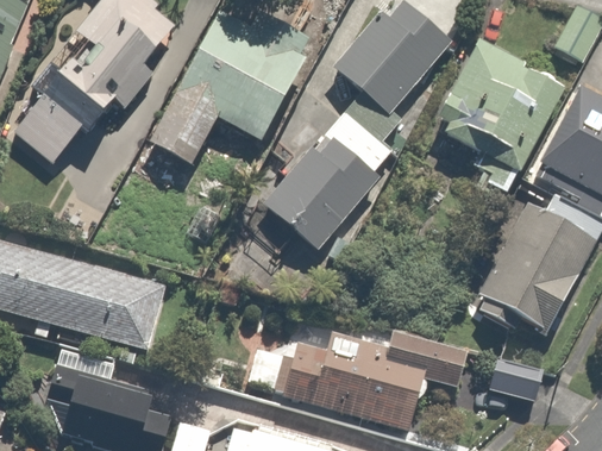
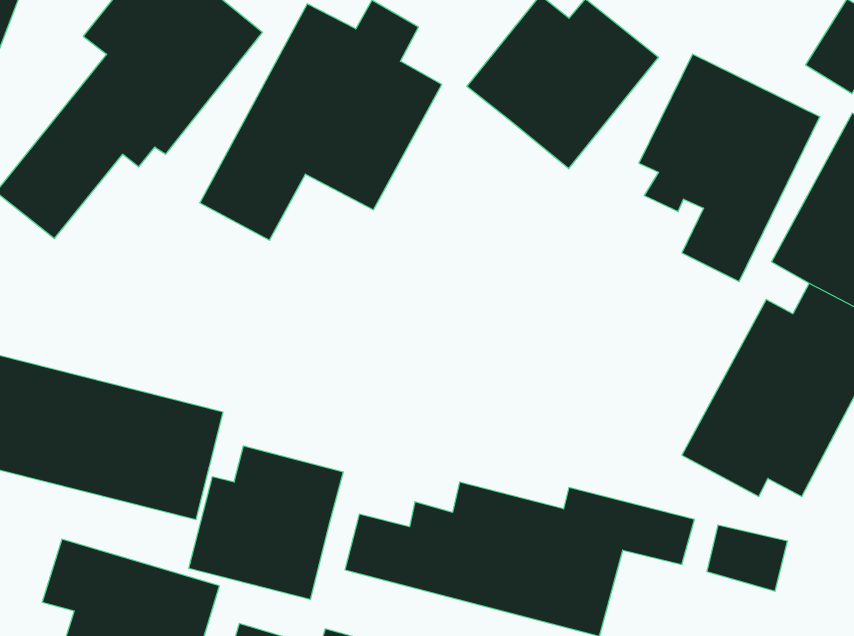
building: [258,86,397,250] -> none
building: none -> [189,446,343,600]

